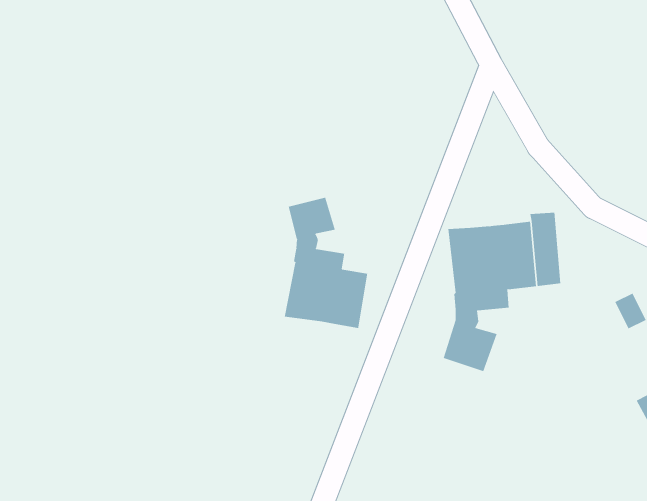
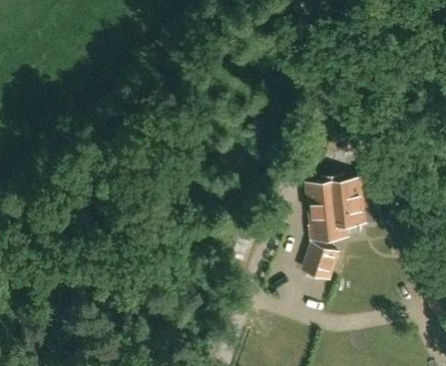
building: [284,197,368,329] -> none

